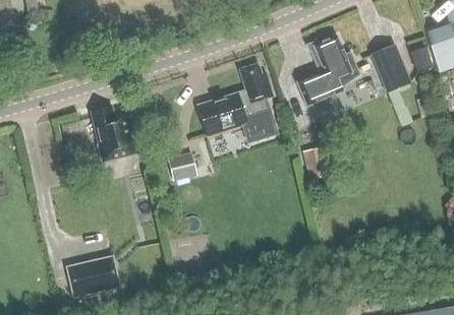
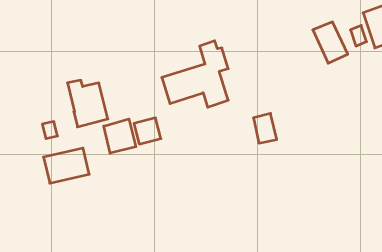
building: [297,36,359,107] -> none
building: none -> [104,119,136,153]
building: [67,257,119,297] -> [43,148,89,183]

